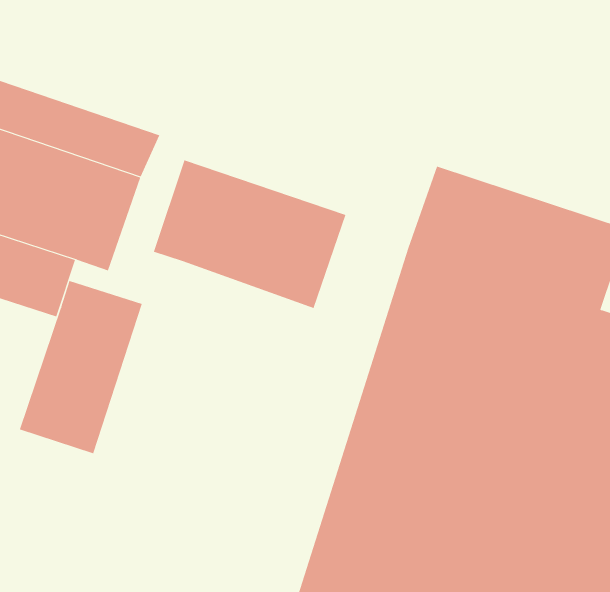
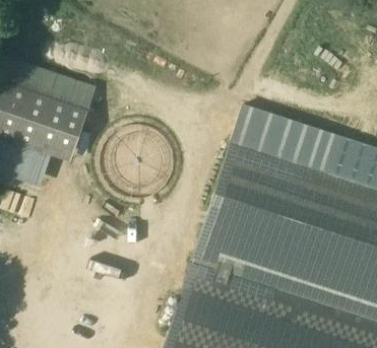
building: [153,159,346,309] -> none
building: [19,280,142,454] -> none

